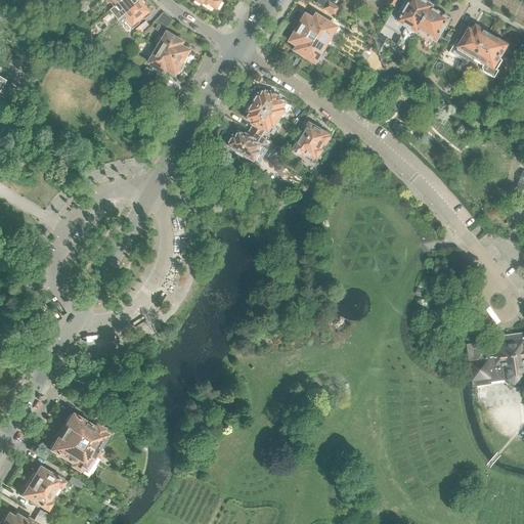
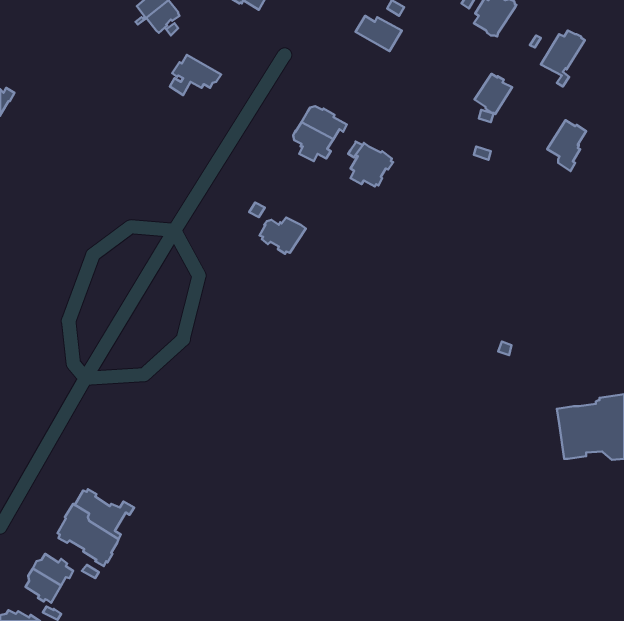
building: [418,6,449,40] -> [474,74,512,114]
building: [156,23,189,62] -> none
building: [291,27,326,61] -> none
building: [475,34,508,77] -> [547,120,586,171]
building: [228,129,267,160] -> [259,217,306,254]

